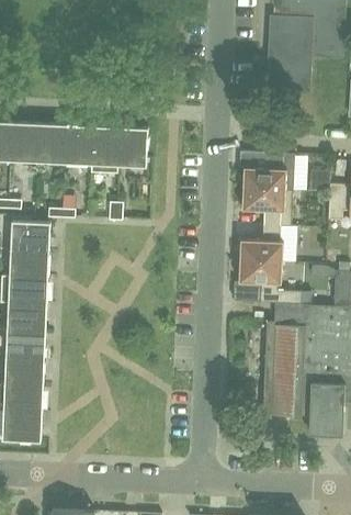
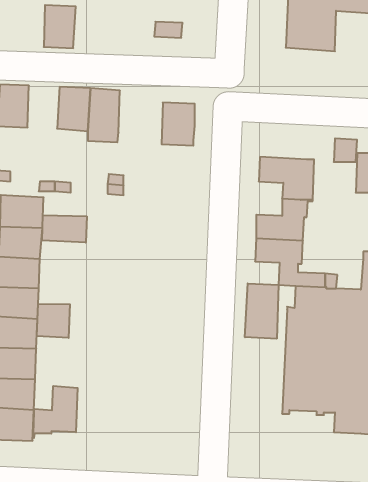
building: [35,124,64,163] -> [44,5,76,48]
building: [116,128,146,167] -> [162,103,195,146]
building: [242,153,293,190] -> none
building: none -> [42,215,87,243]
building: none -> [245,283,278,339]
building: none -> [37,304,70,338]
building: none -> [33,386,78,438]

